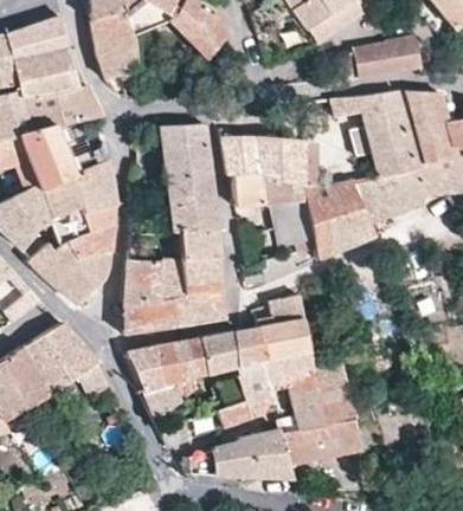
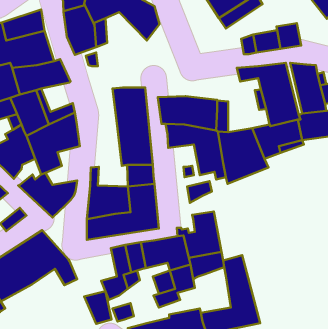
building: [67,205,115,258] -> none
building: [128,345,166,390] -> [84,291,111,324]
building: [278,371,323,434] -> none

